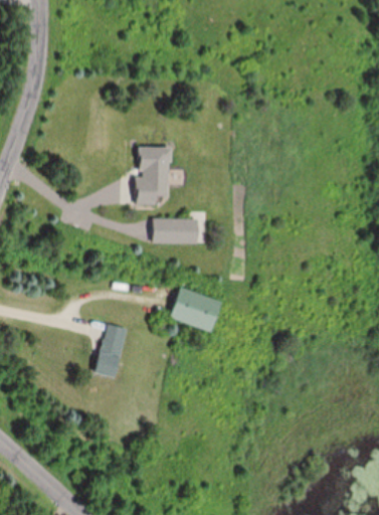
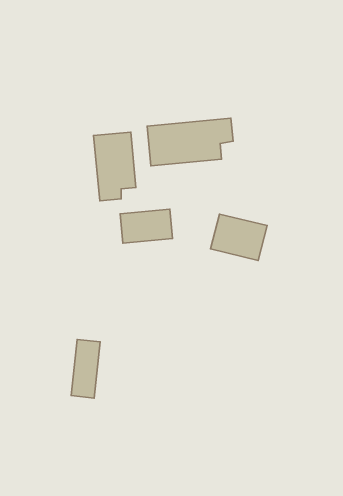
building: none -> [147,118,233,166]
building: [169,288,221,332] -> [210,214,267,260]

